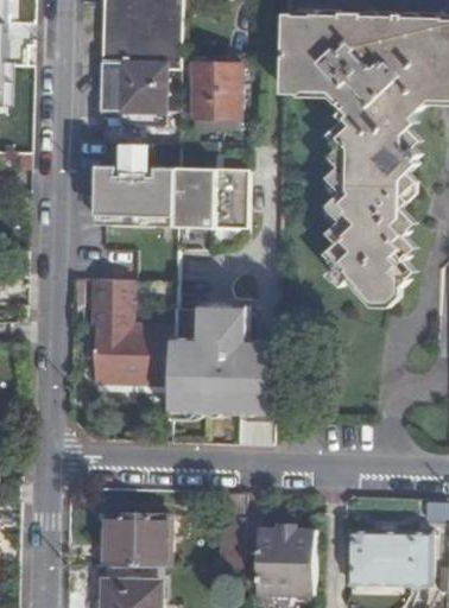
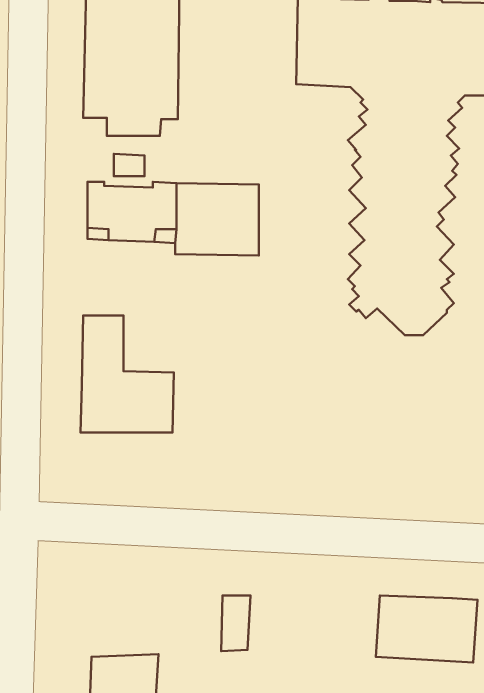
building: [190,63,241,115] -> none
building: [172,308,274,416] -> none
building: [105,517,169,574] -> none
building: [254,520,314,587] -> none

